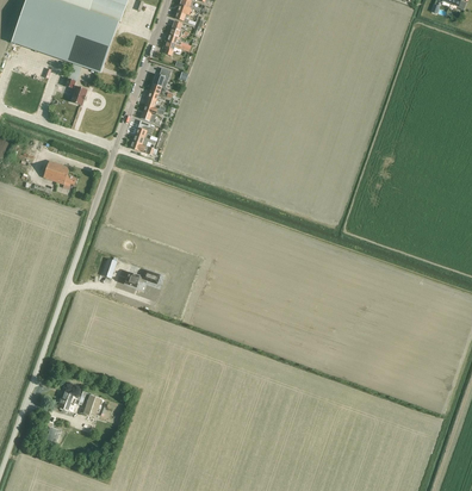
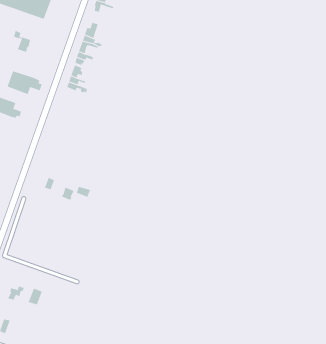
building: none -> [7,70,43,95]

